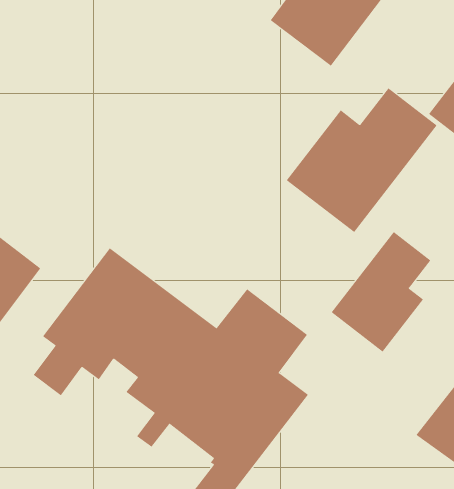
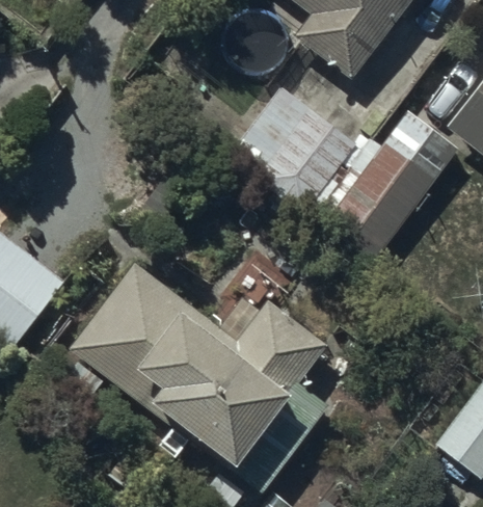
building: none -> [229,74,353,196]
building: [331,231,431,353] -> none

